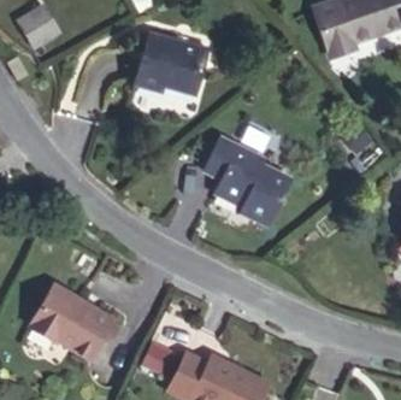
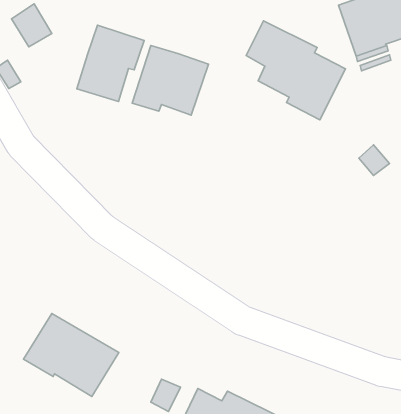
building: none -> [77,25,144,102]
building: [193,143,282,233] -> [246,21,345,120]

